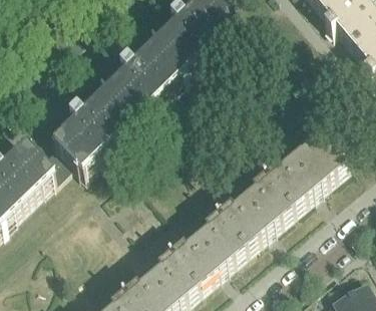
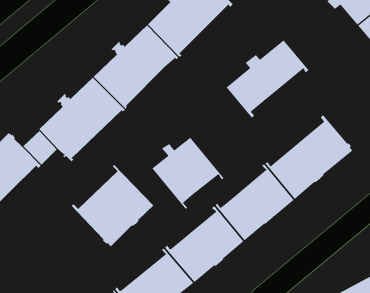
building: none -> [226,39,309,118]
building: none -> [152,137,224,210]
building: none -> [71,164,154,247]

